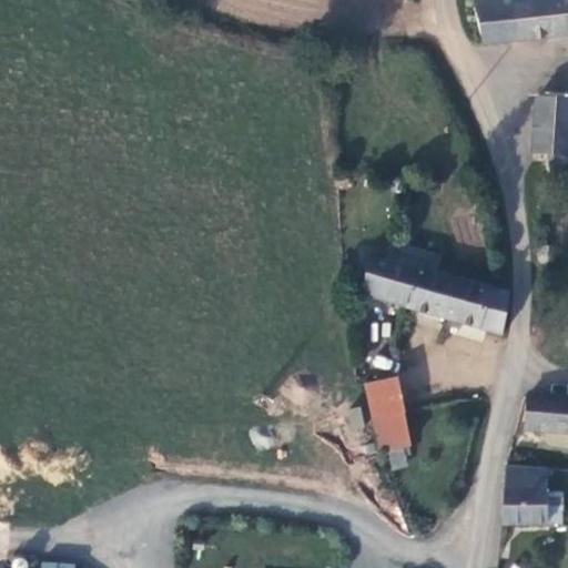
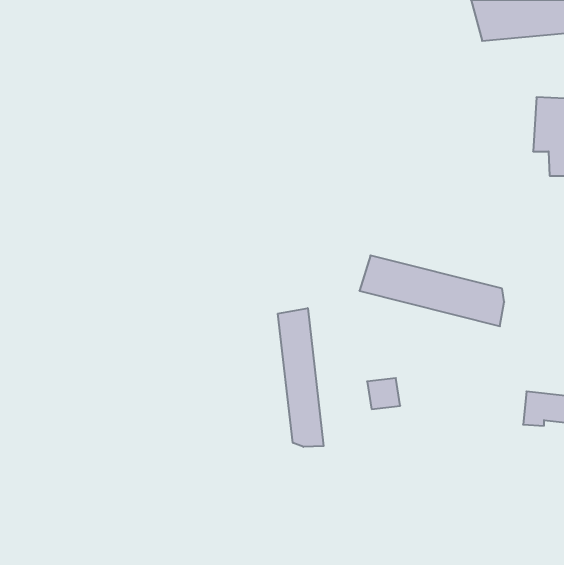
building: none -> [278,308,324,447]
building: [374,407,410,454] -> none
building: [506,466,549,525] -> none

